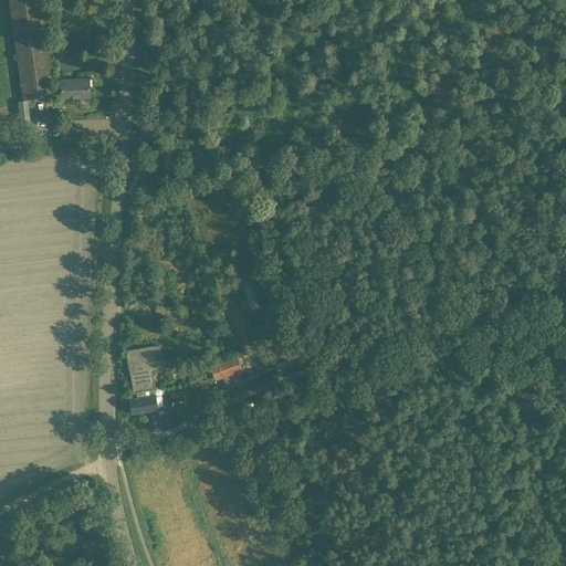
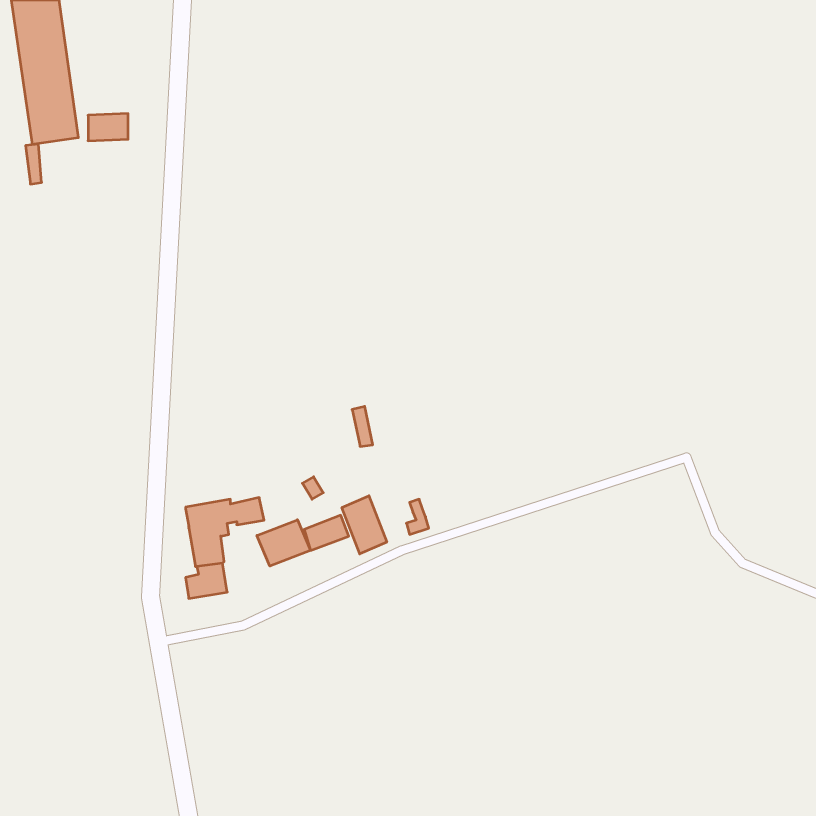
building: none -> [342,496,387,554]
building: none -> [257,520,310,566]

